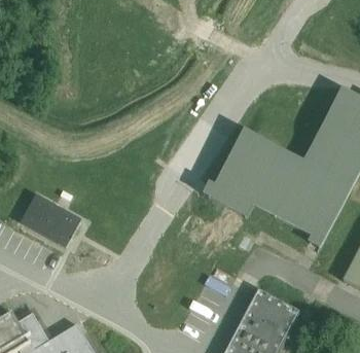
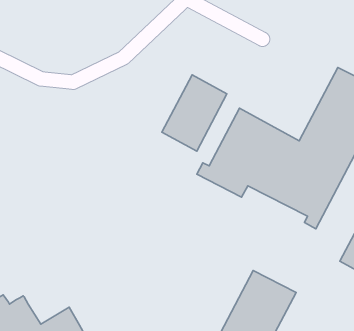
building: none -> [162,75,227,151]
building: [21,195,79,246] -> none

